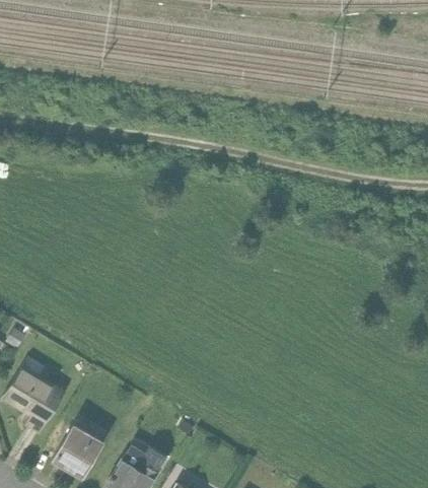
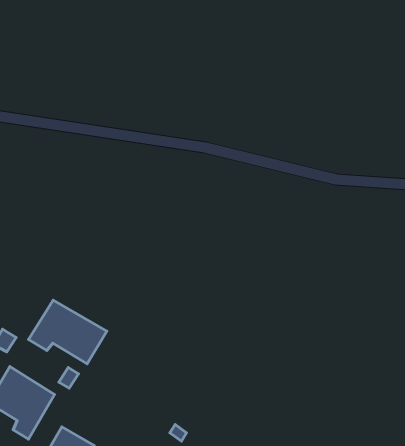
building: none -> [28,300,107,364]

